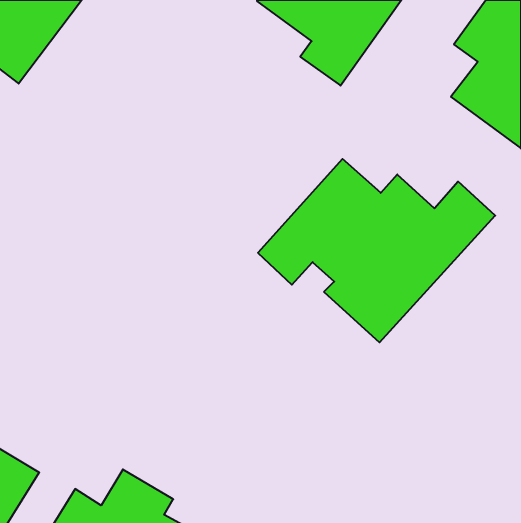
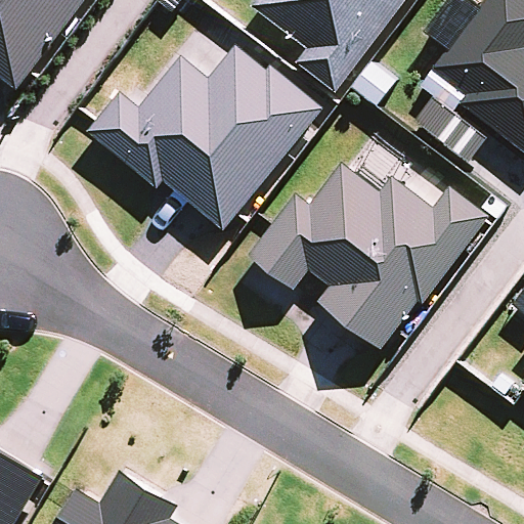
building: none -> [94,44,318,225]

